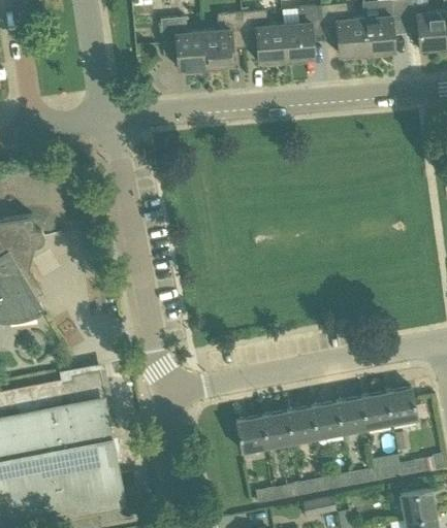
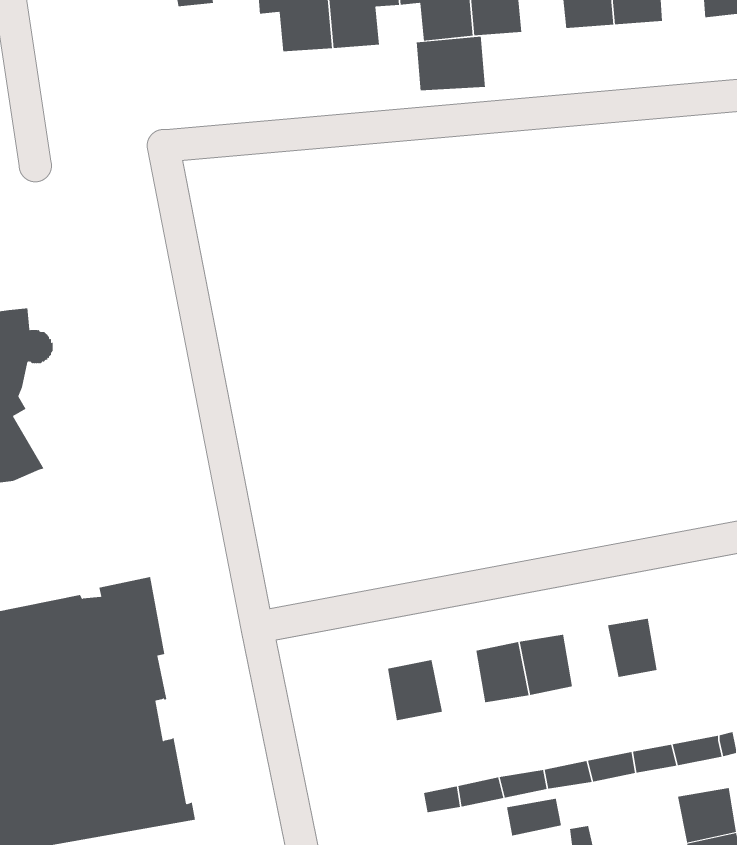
building: none -> [416,36,486,91]
building: [387,389,418,424] -> none
building: [339,398,370,433] -> none
building: [263,412,293,448] -> none

